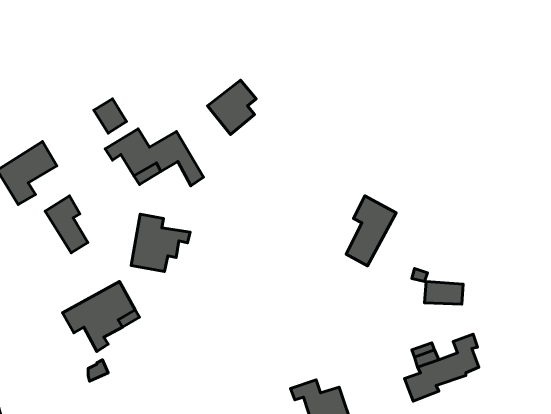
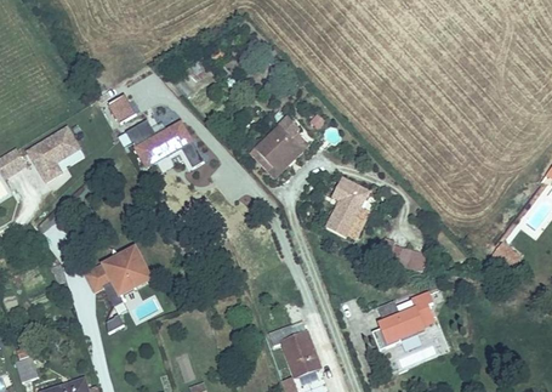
building: [208,80,256,135] -> [255,125,296,171]
building: [45,196,88,253] -> none
building: [131,214,190,271] -> none

